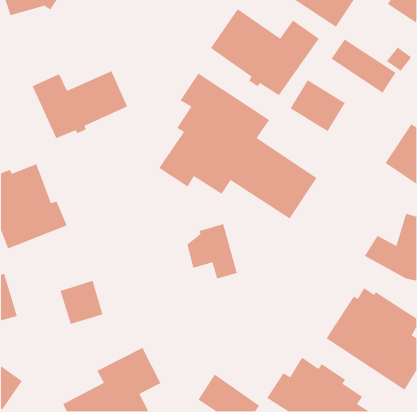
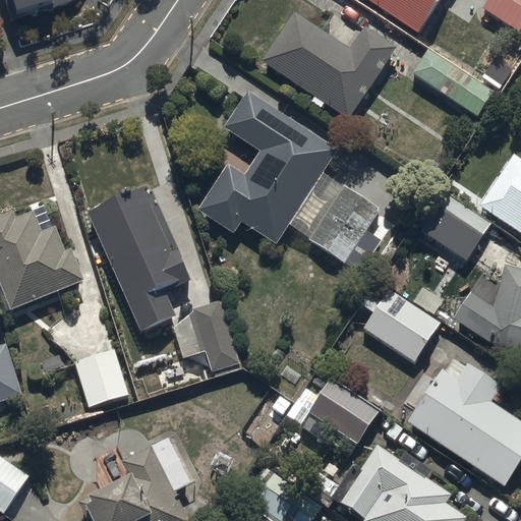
building: [31,70,128,139] -> none
building: [290,79,346,132] -> [420,192,490,258]
building: none -> [85,187,194,333]
building: [186,223,238,279] -> [175,300,239,370]
building: none -> [363,282,447,362]
building: none -> [309,378,382,446]

